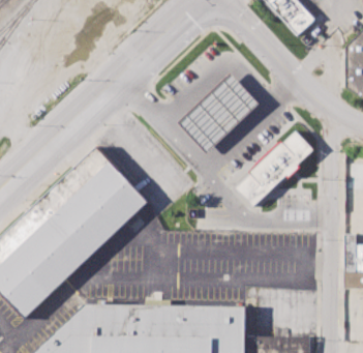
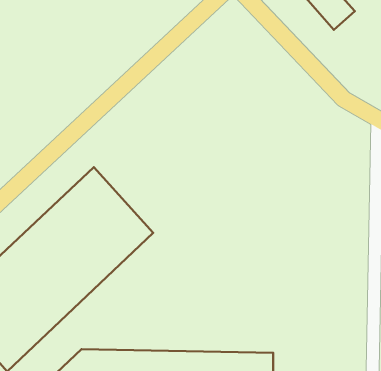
building: [177,76,259,155] -> none
building: [235,133,313,209] -> none

